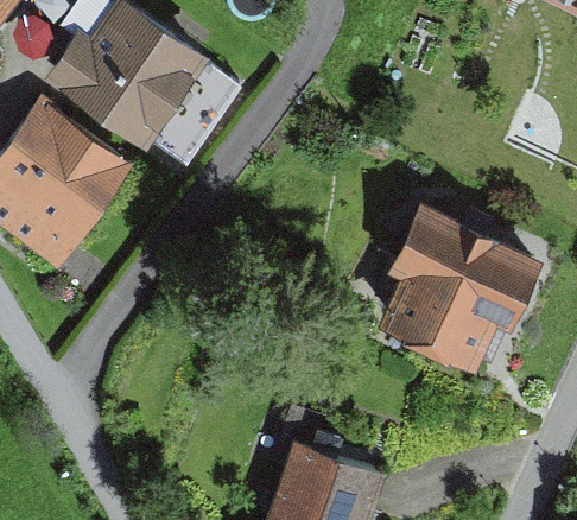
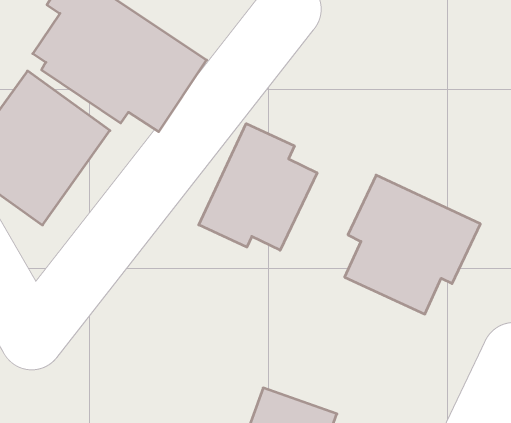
building: none -> [199,124,317,250]

